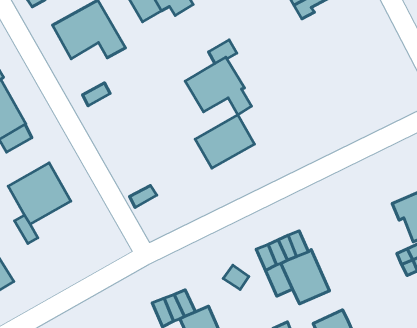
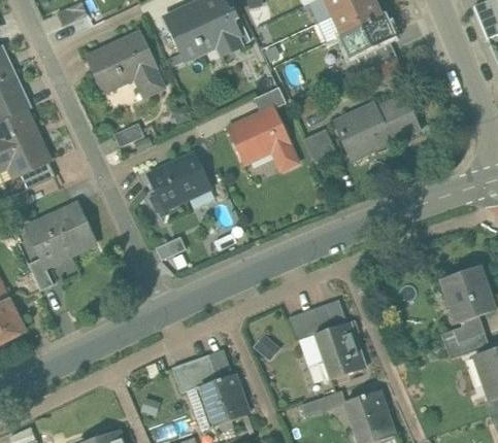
building: none -> [334,95,418,152]
building: none -> [303,128,336,162]
building: [195,115,255,168] -> [147,154,211,209]

